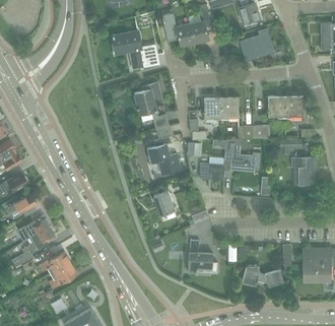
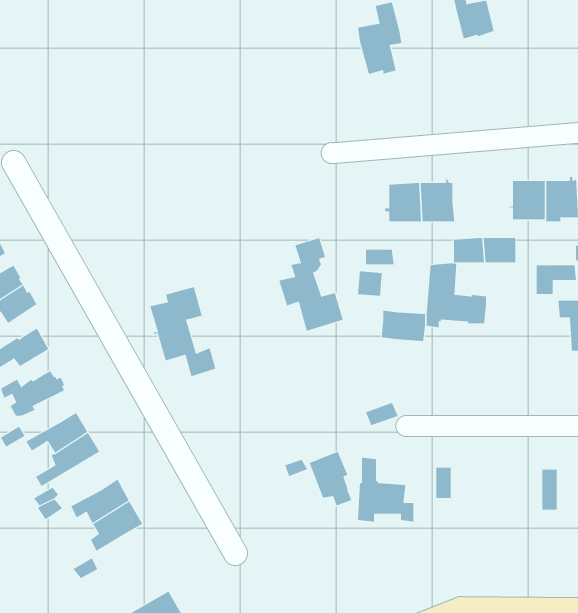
building: [161,12,194,47] -> none
building: [240,29,273,59] -> none
building: [112,31,158,69] -> none
building: [134,83,169,130] -> [149,287,216,377]
building: [153,191,176,219] -> [309,451,352,506]
building: [246,265,279,286] -> none

